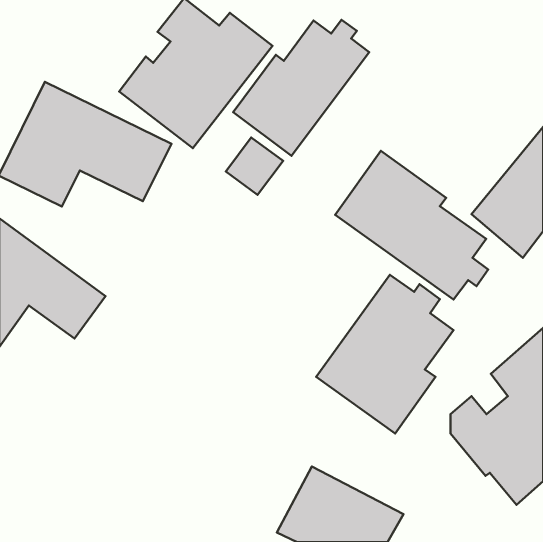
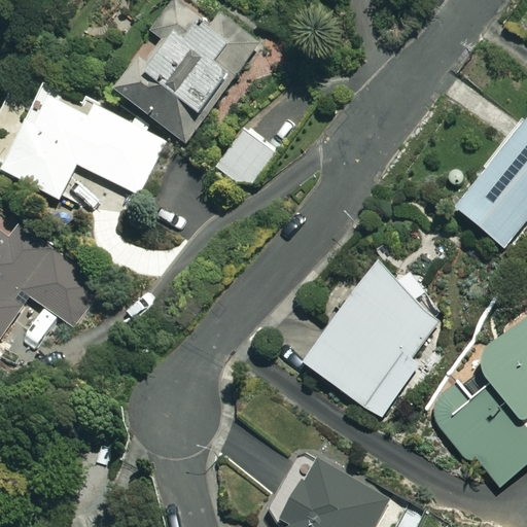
building: [233,20,369,156] -> none
building: [335,151,488,299] -> none

